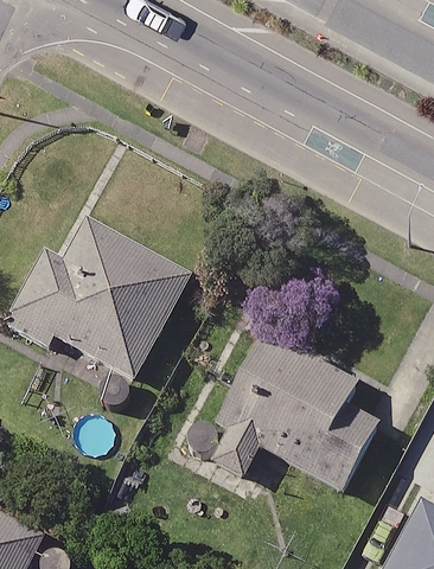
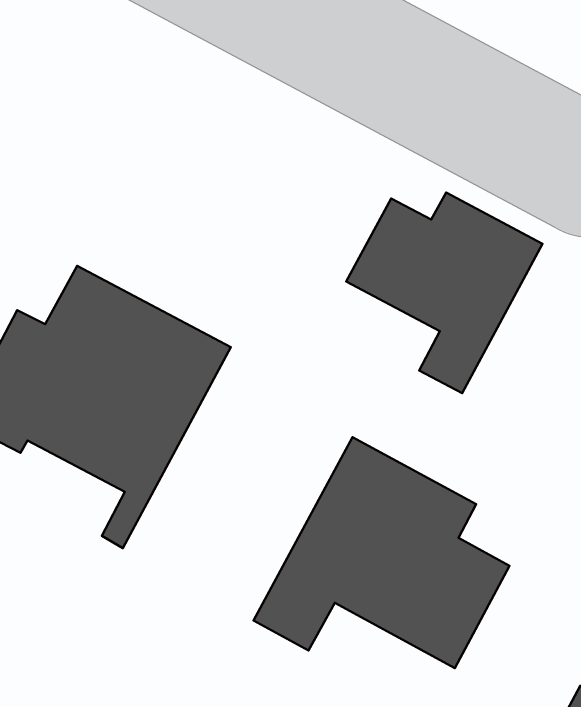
building: none -> [346,192,542,393]

